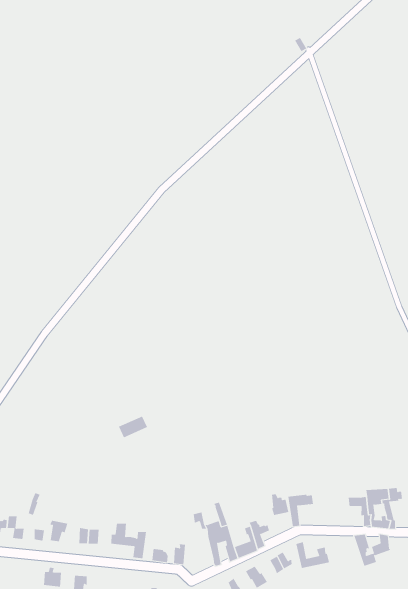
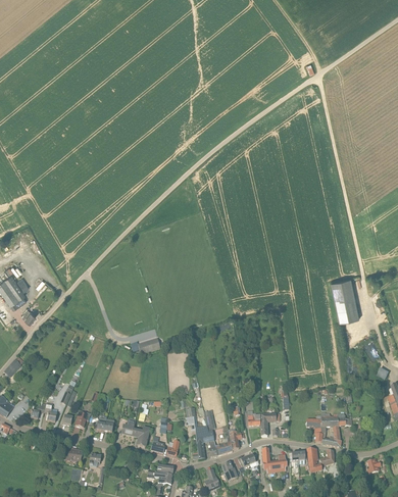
building: none -> [331,278,359,321]

